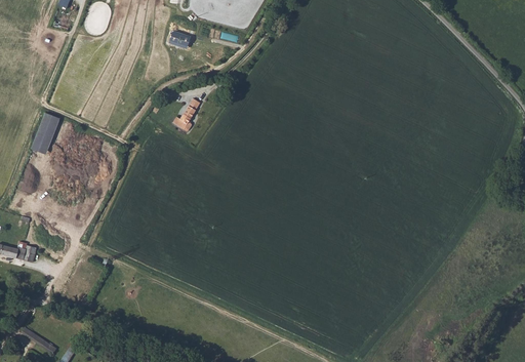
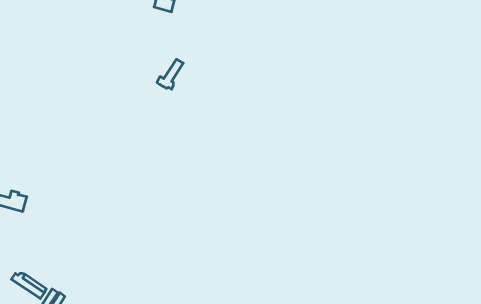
building: [30,114,58,155] -> none

